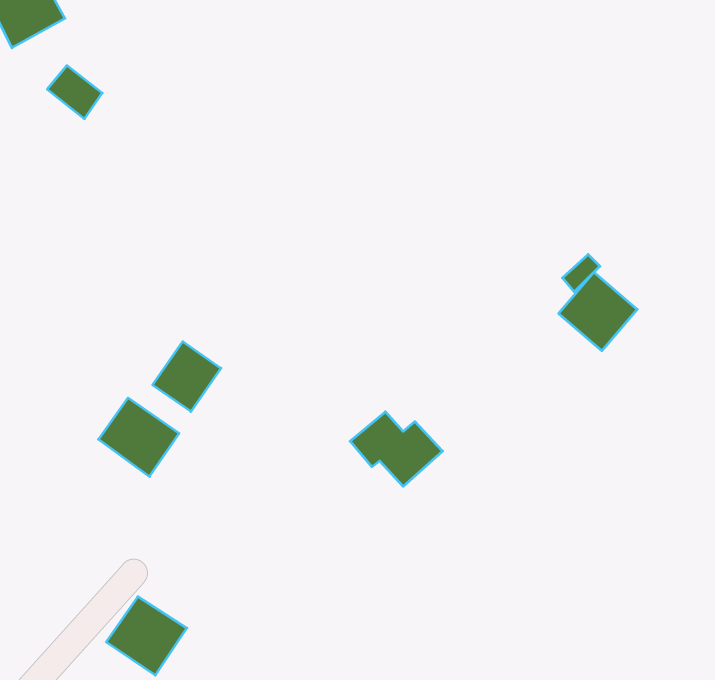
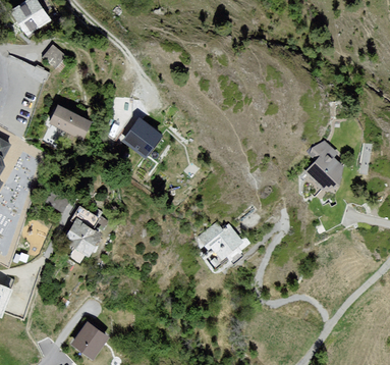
building: none -> [49,104,96,139]
building: none -> [124,117,165,157]
building: [153,342,221,412] -> none

